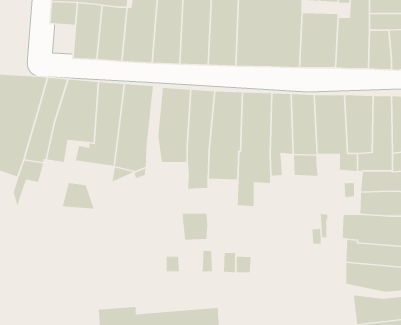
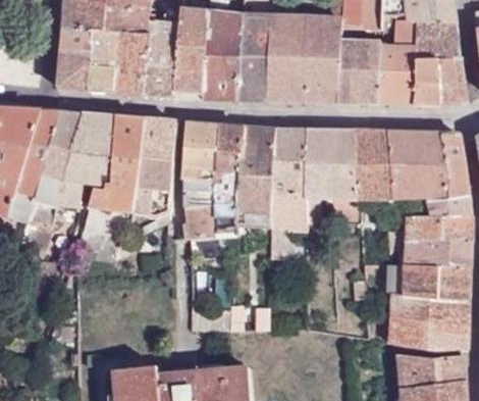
building: none -> [57,52,90,91]
building: [182,213,208,240] -> [184,206,214,237]

